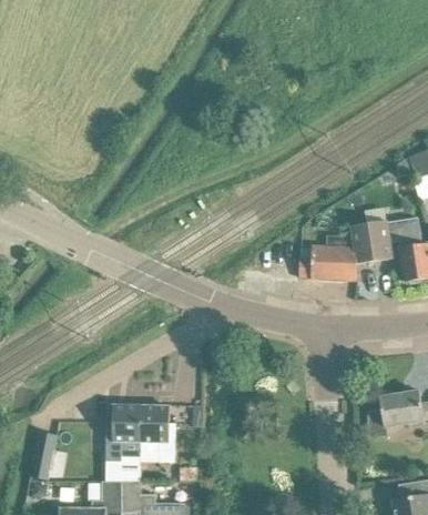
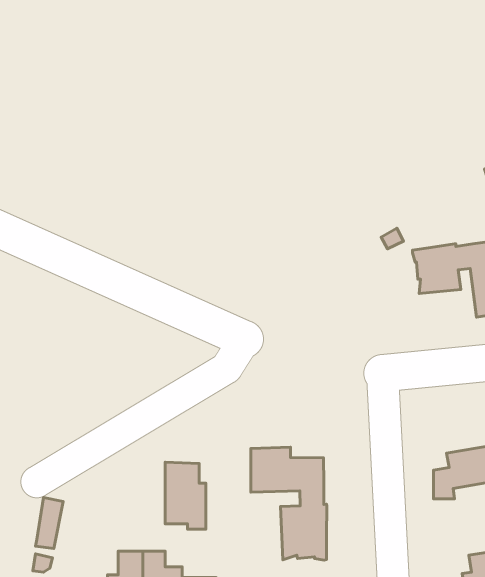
building: [299,235,358,280] -> none
building: none -> [251,447,327,560]
building: [108,405,142,462] -> none

